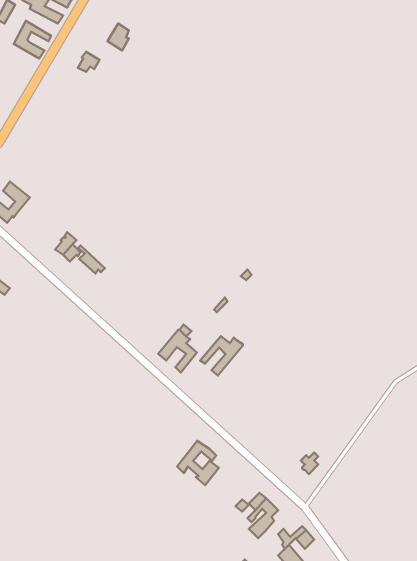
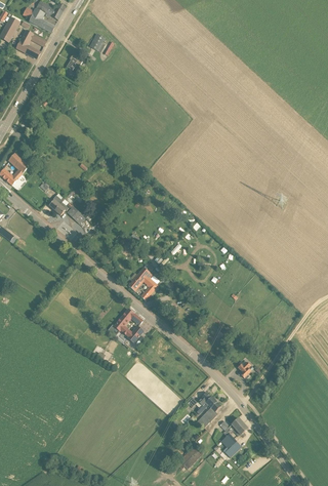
building: [200,336,243,376] -> none
building: [177,441,219,485] -> [113,309,145,342]

